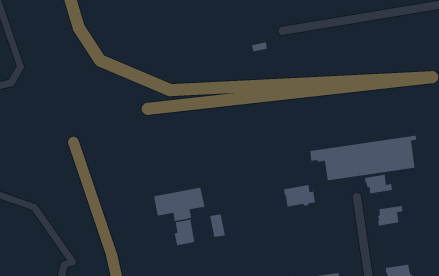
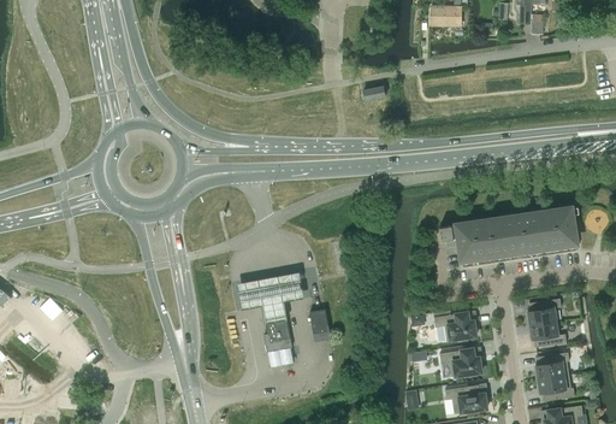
building: [364,174,393,194] -> [528,320,565,347]
building: [283,184,316,207] -> [433,311,475,341]
building: none -> [439,348,481,376]
building: none -> [535,352,569,378]

